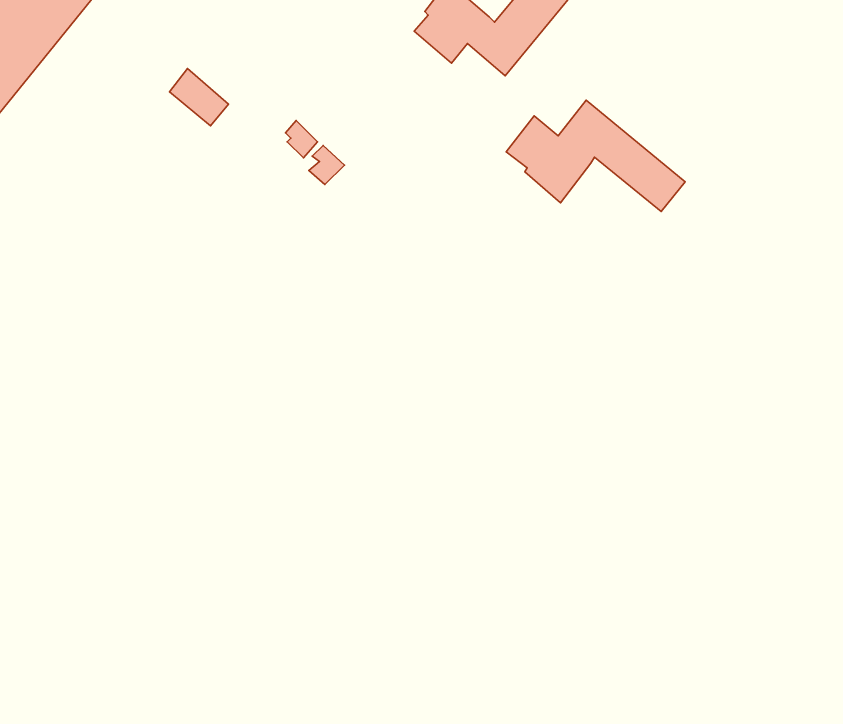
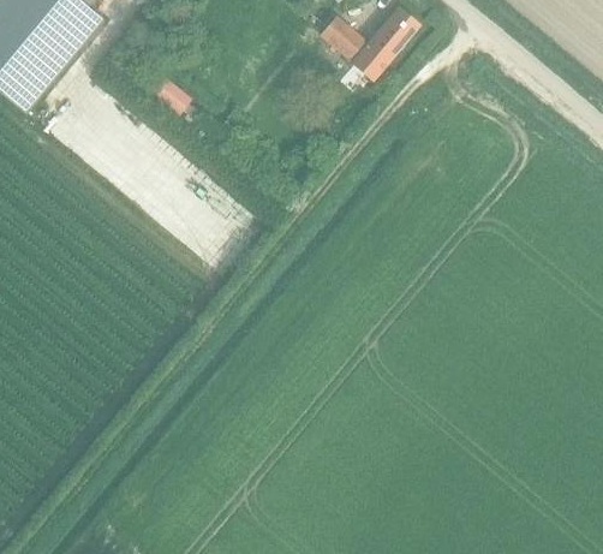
building: [506,100,685,212] -> none

